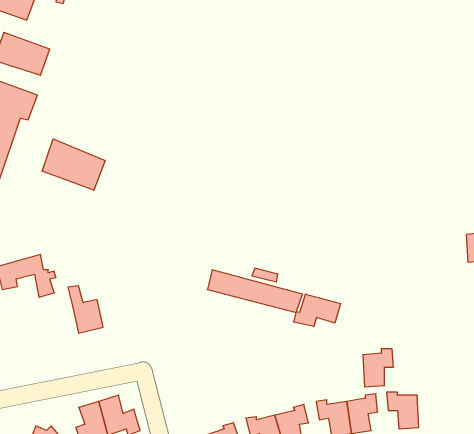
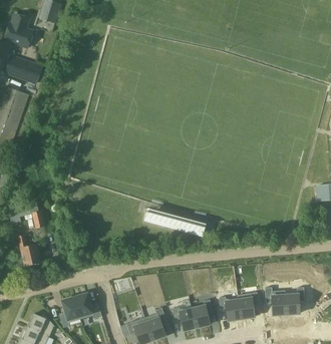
building: [42,139,105,190] -> none
building: [68,286,103,333] -> [17,235,40,266]
building: [294,294,340,327] -> none
building: [363,349,394,387] -> [283,289,303,314]

